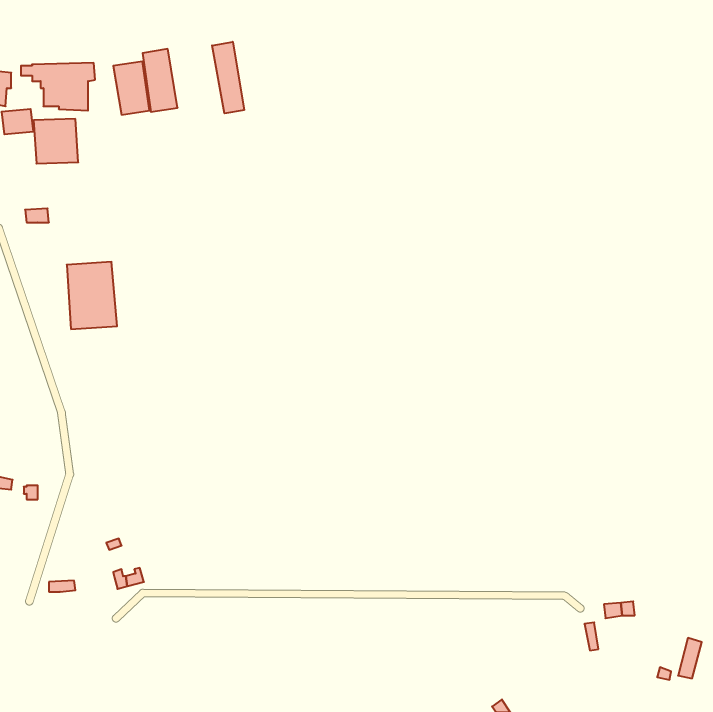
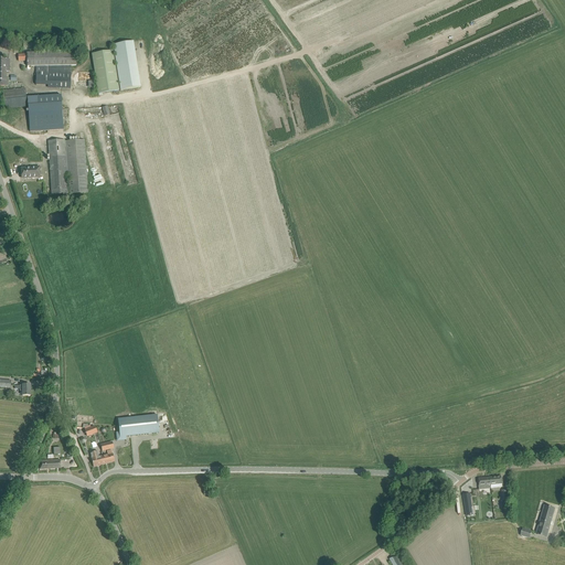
building: [212,42,244,113] -> none
building: [67,262,117,329] -> [47,140,87,193]
building: none -> [117,413,158,435]

